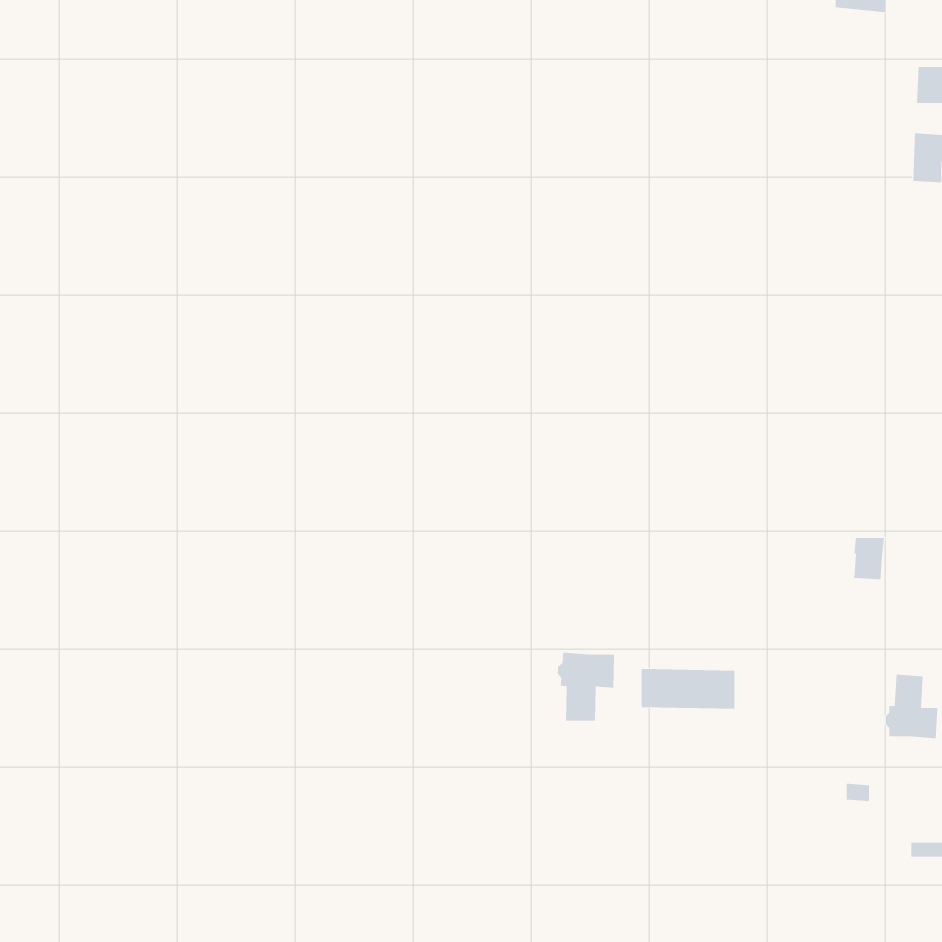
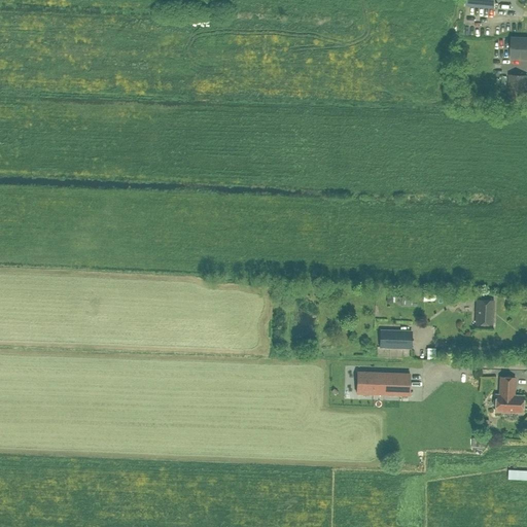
building: none -> [380,328,412,348]
building: [557,652,615,721] -> none

